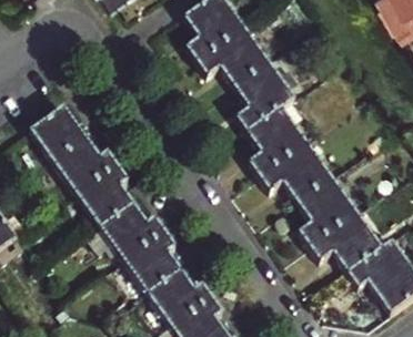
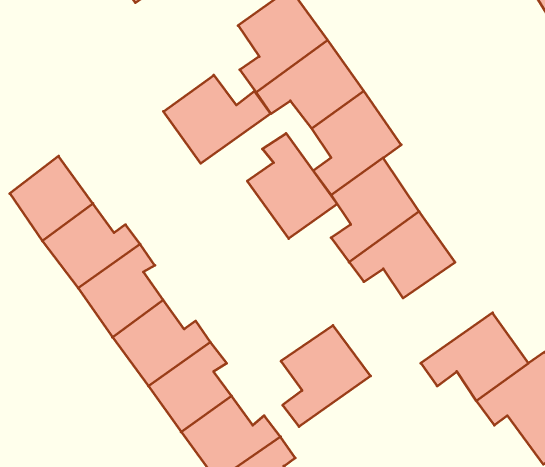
building: none -> [163,75,271,163]
building: none -> [247,133,337,239]
building: [298,182,359,251] -> [281,325,371,427]

